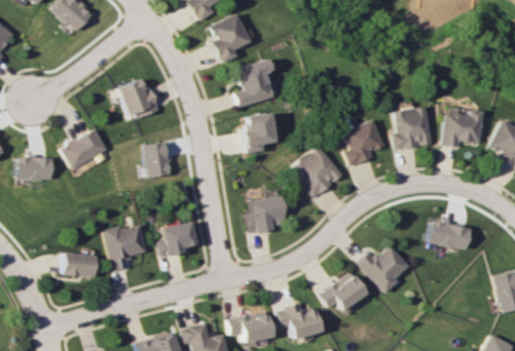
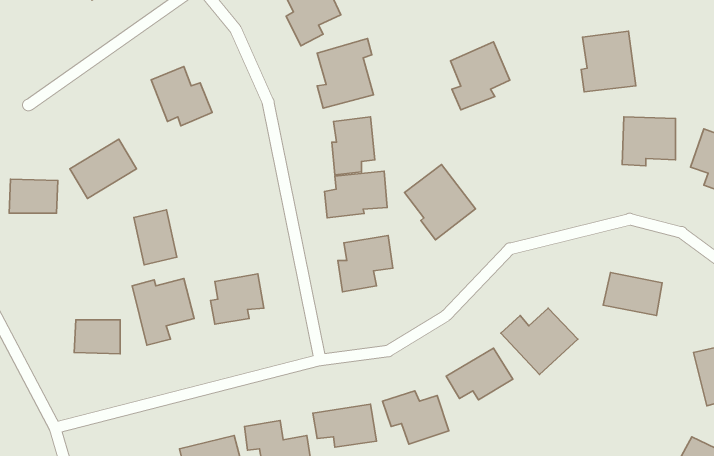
building: [394,107,432,149] -> [581,31,636,92]
building: [343,119,384,166] -> [450,42,510,110]
building: [143,141,173,179] -> [134,210,177,265]
building: none -> [325,171,387,218]

